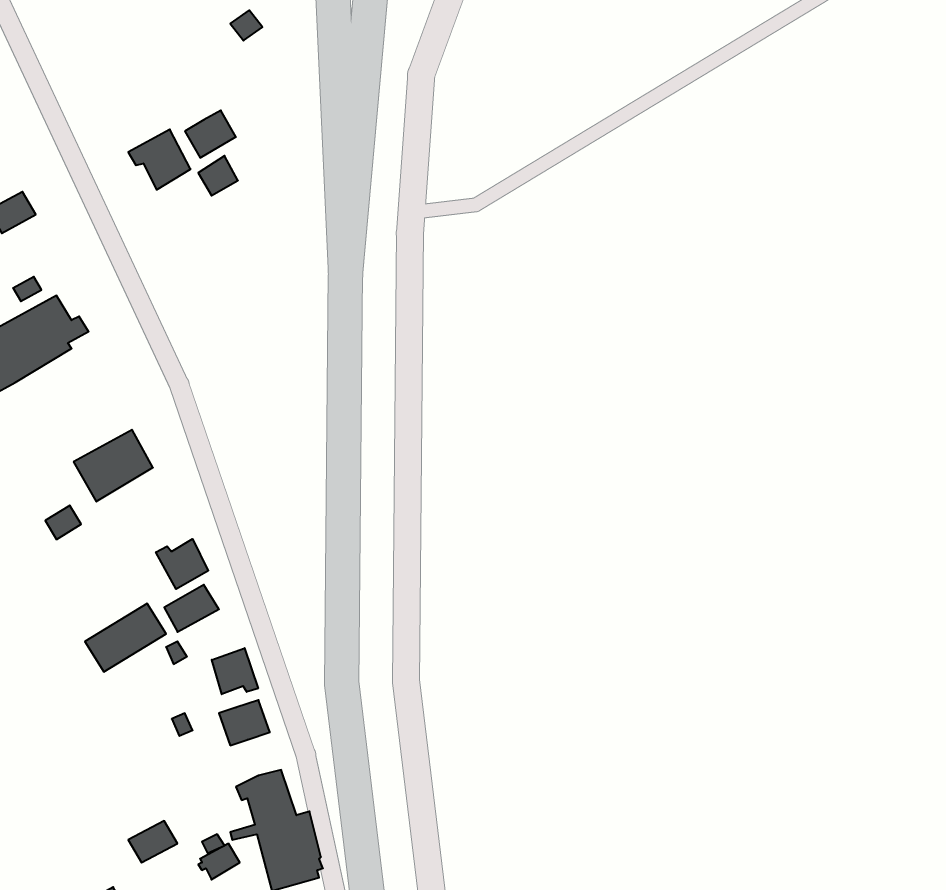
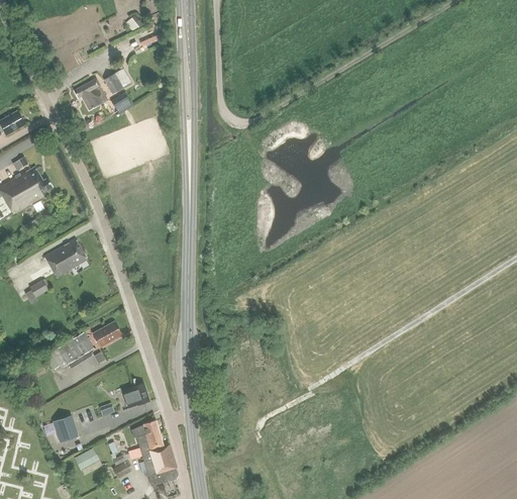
building: [156,539,208,589] -> none
building: [212,648,258,694] -> none
building: none -> [51,414,78,442]

